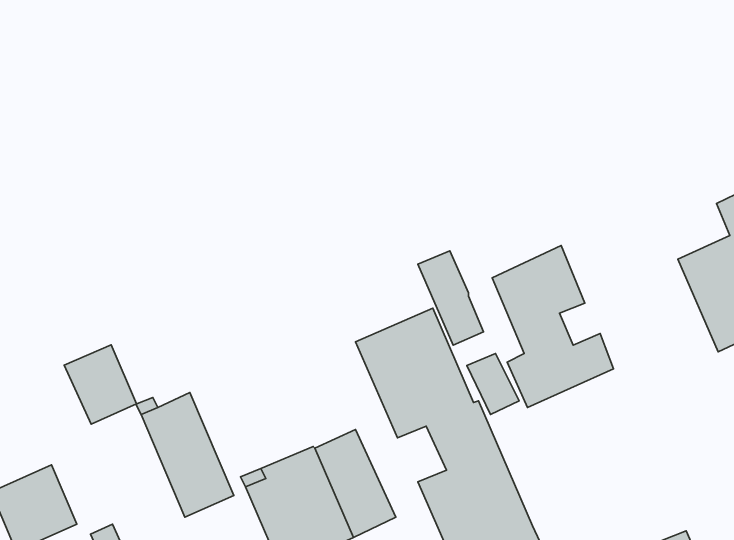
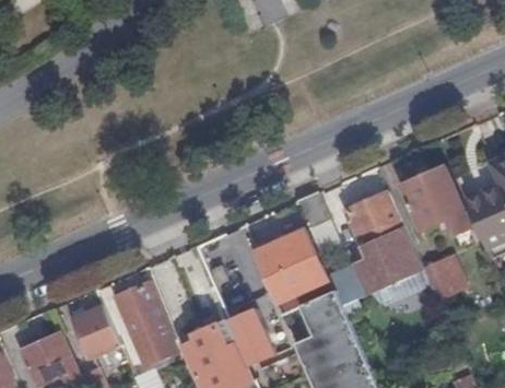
building: none -> [401,166,470,234]
building: [64,345,137,424] -> [71,307,118,358]
building: none -> [422,256,465,299]

